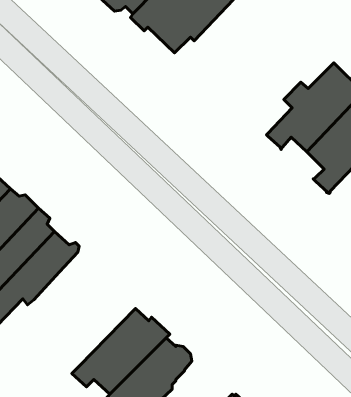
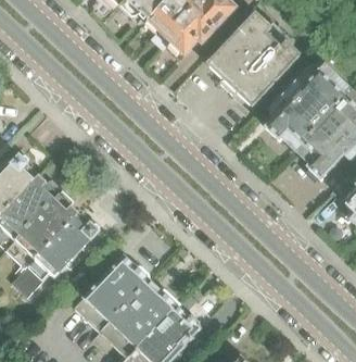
building: none -> [206,12,301,107]
building: none -> [74,257,149,333]

